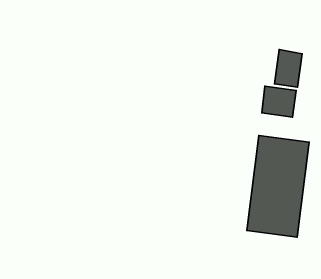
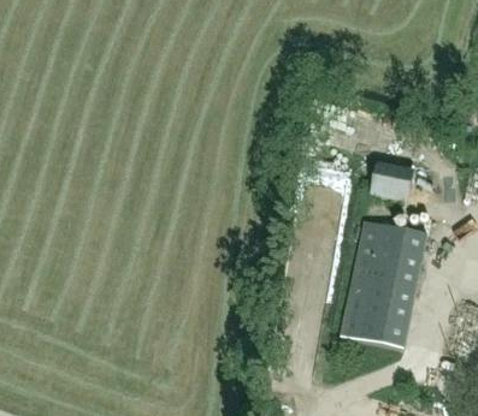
building: [274,50,302,87] -> none

